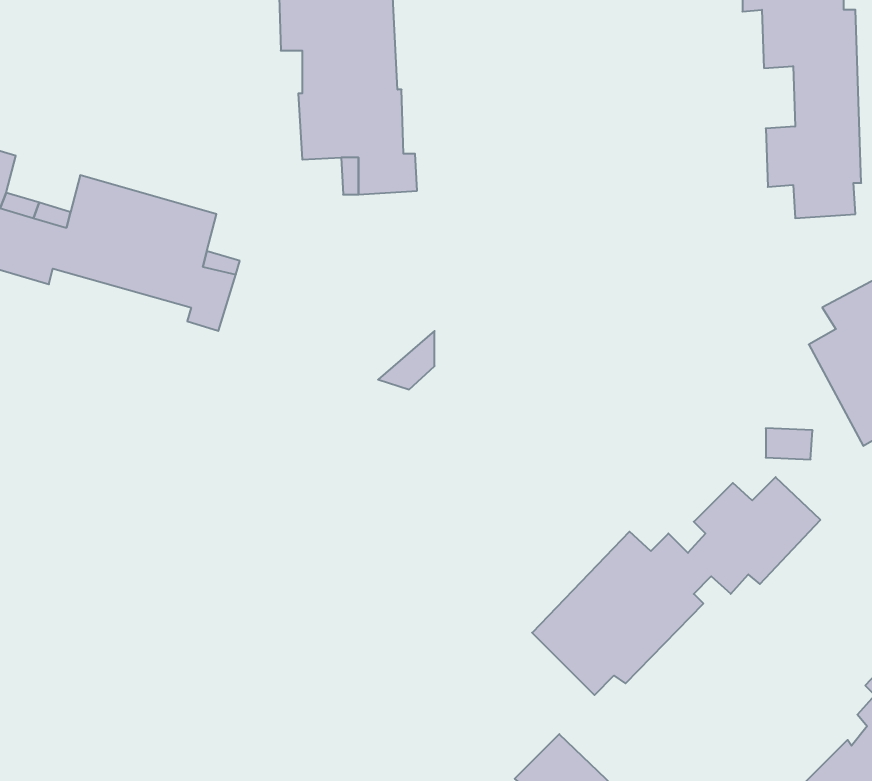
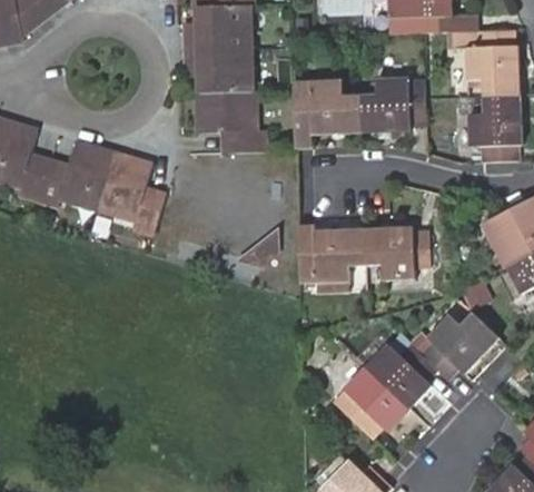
building: none -> [293,77,424,147]
building: none -> [296,223,429,284]

